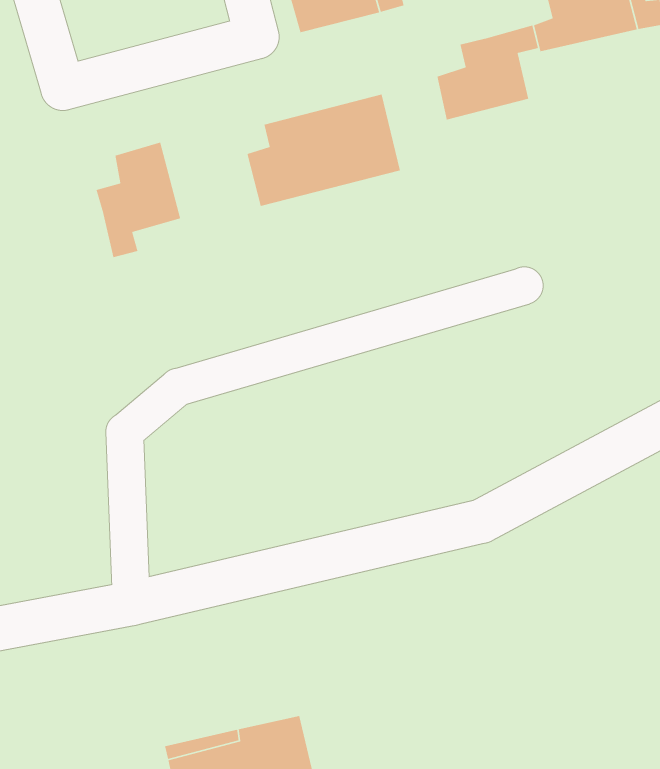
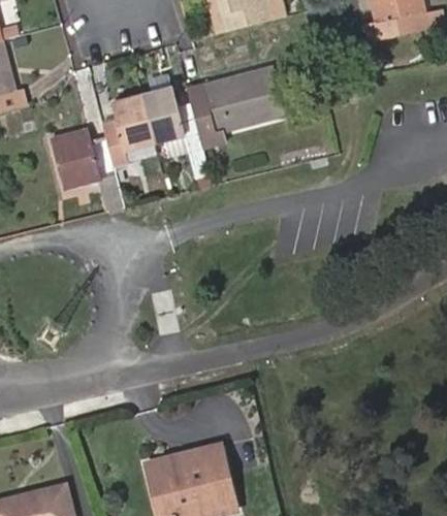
building: [436,24,539,120] -> none
building: none -> [140,87,210,174]
building: none -> [51,130,121,208]

